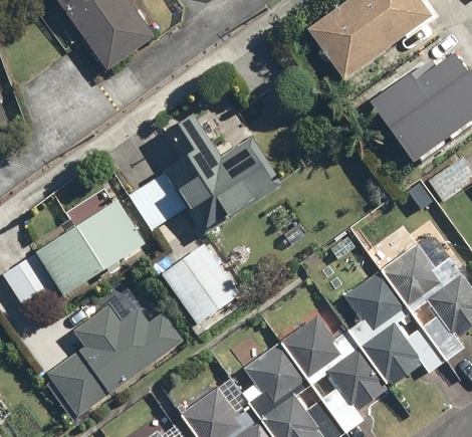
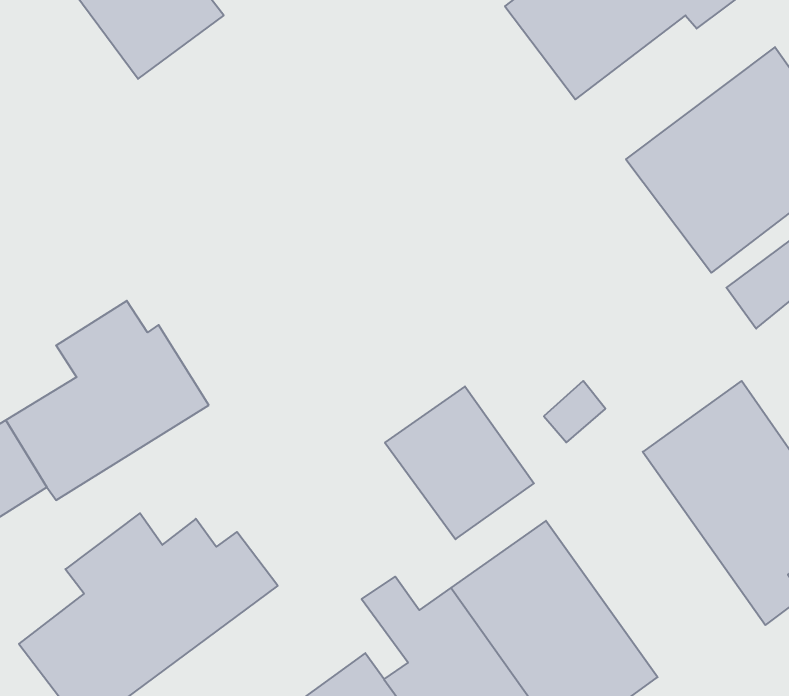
building: [127,112,281,235] -> none
building: [161,242,241,324] -> [385,386,534,539]
building: [342,268,447,390] -> none

